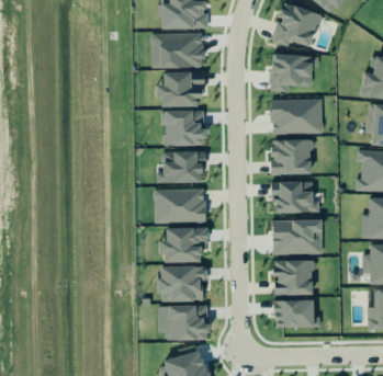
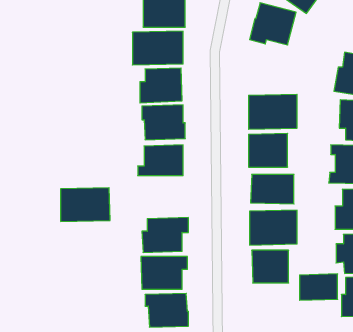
building: [269,54,313,92] -> none
building: [154,189,205,224] -> [61,188,110,221]
building: [274,300,314,328] -> [300,274,338,300]

